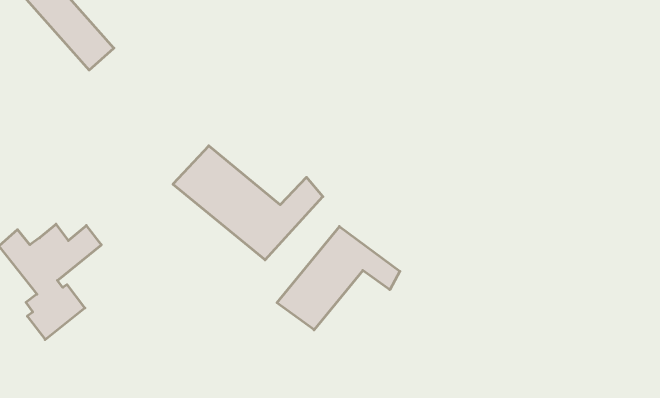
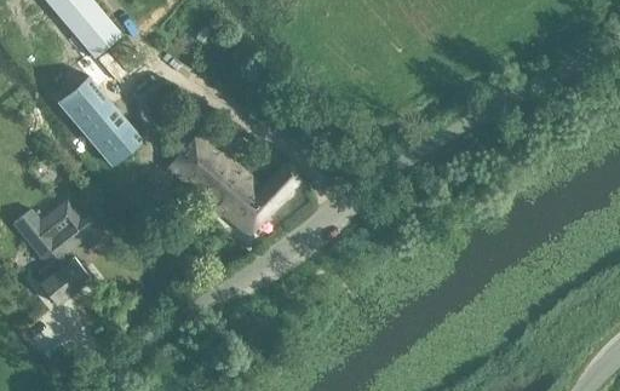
building: none -> [57,74,143,165]
building: [277,226,400,330] -> none

